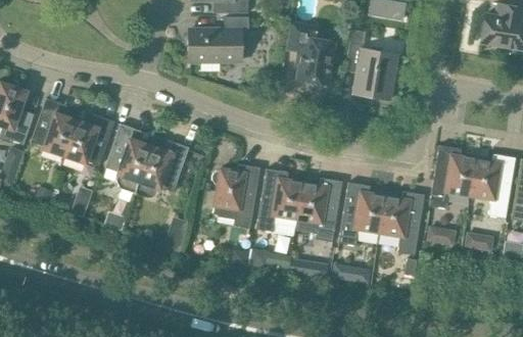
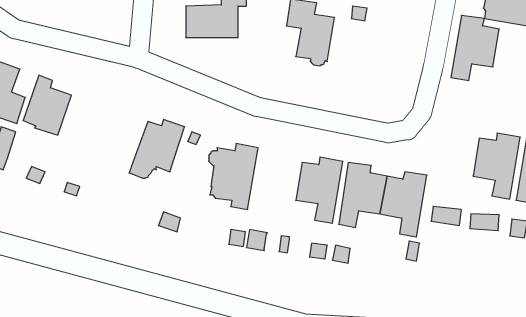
building: [352,48,396,99] -> none
building: [64,116,114,165] -> none
building: [105,123,152,192] -> none
building: [428,145,475,208] -> [451,15,499,81]
building: [255,167,302,235] -> none

